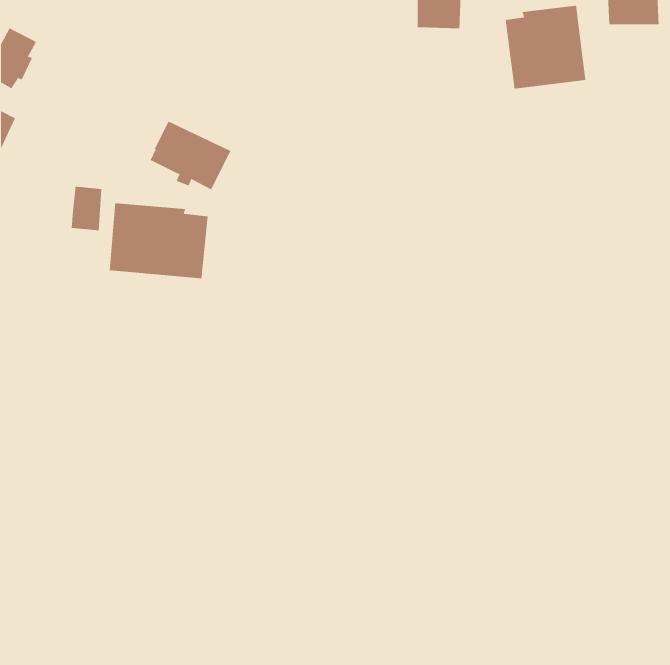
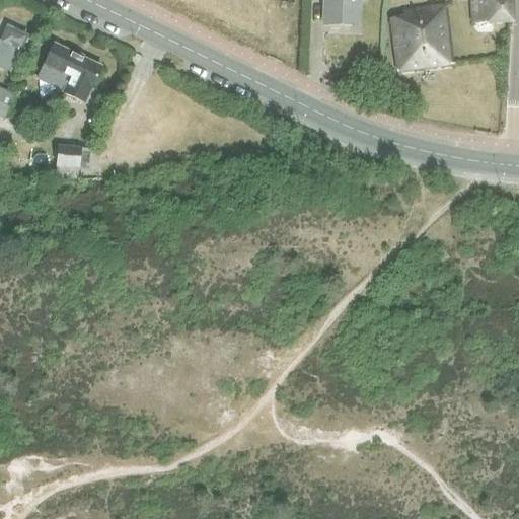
building: [150,121,231,190] -> [39,43,101,96]
building: [109,202,208,279] -> none

